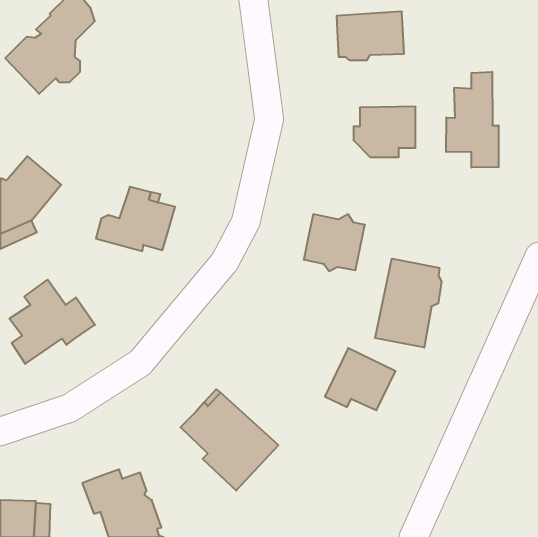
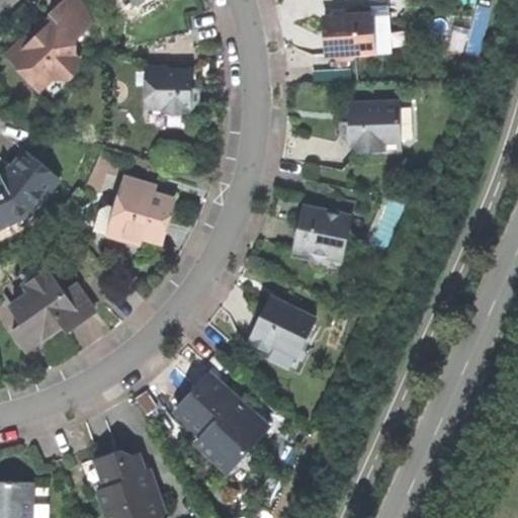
building: none -> [144,66,195,128]
building: [446,72,499,168] -> none
building: [375,259,441,348] -> none
building: [325,348,396,410] -> [246,296,314,356]

